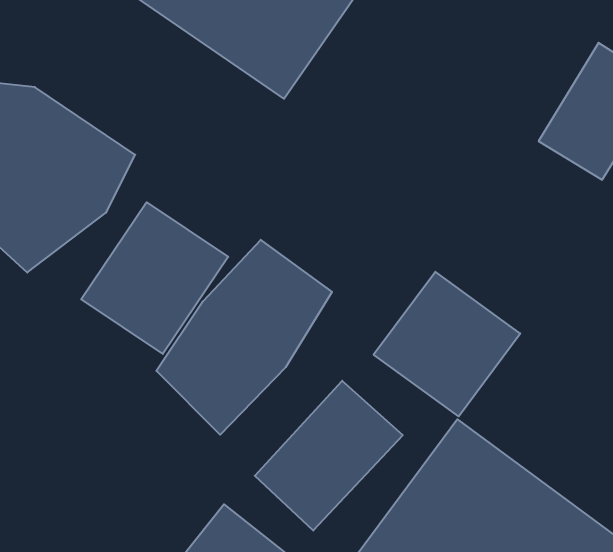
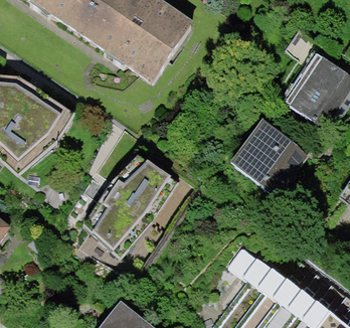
building: [81,202,228,354] -> none
building: [374,272,520,416] -> [229,122,306,197]
building: [255,381,403,531] -> none

